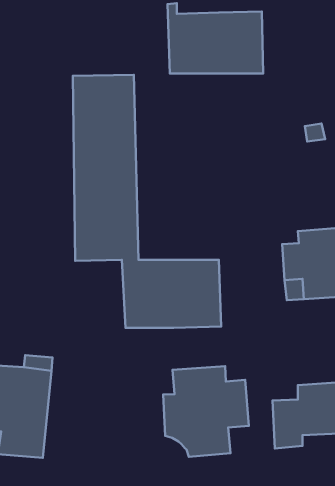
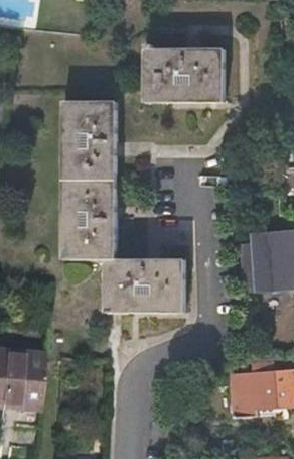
building: [163,366,249,457] -> none

